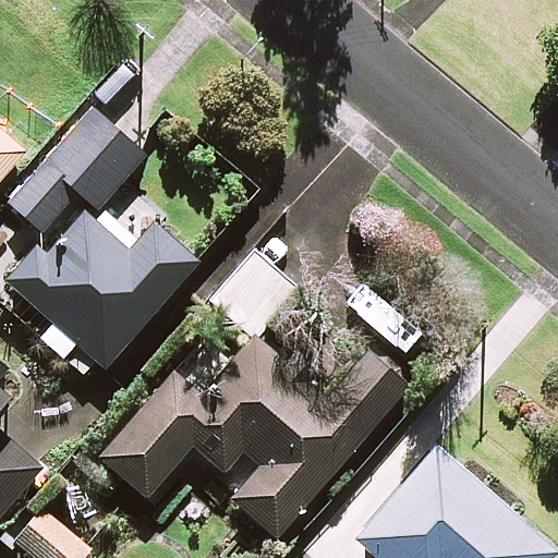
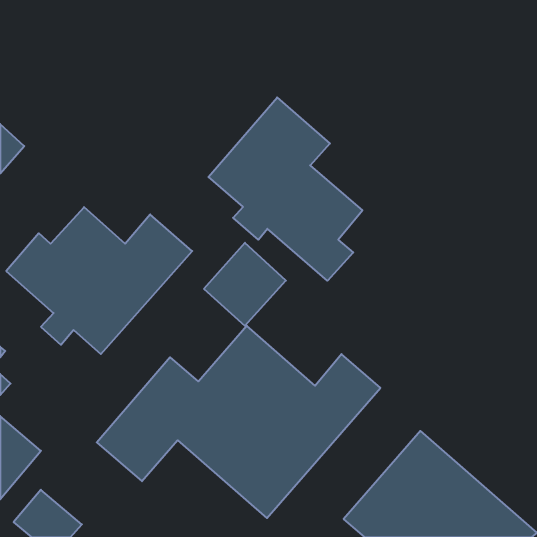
building: none -> [208,97,362,281]
building: [9,108,146,231] -> none

